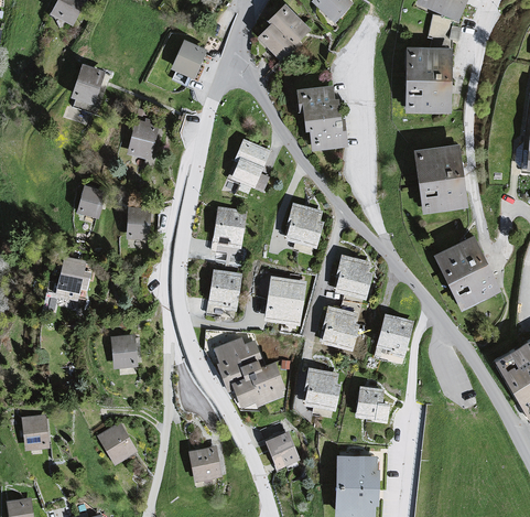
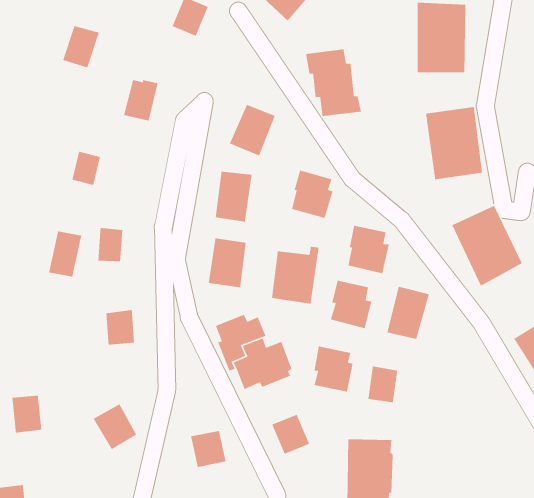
building: [127,206,151,239] -> [97,227,123,262]

